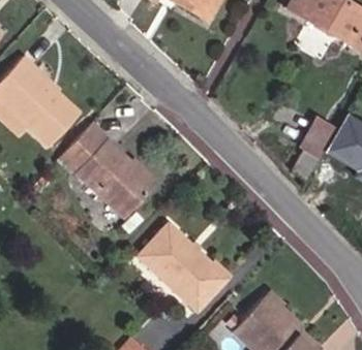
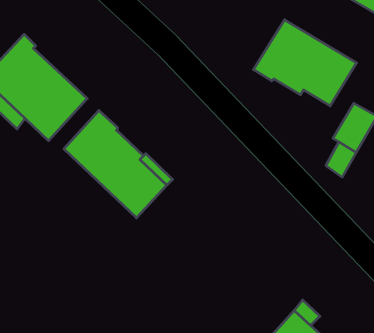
building: none -> [253,20,357,106]
building: [139,224,227,311] -> none

